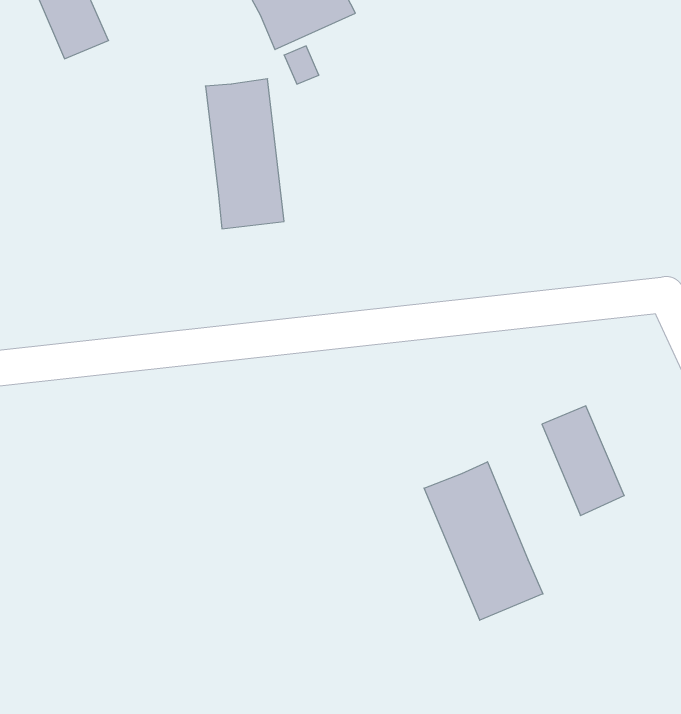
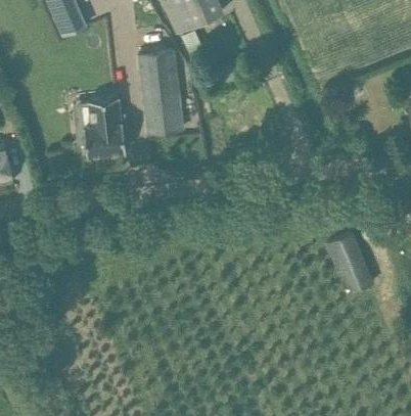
building: none -> [76,96,125,158]
building: [424,462,543,620] -> none

